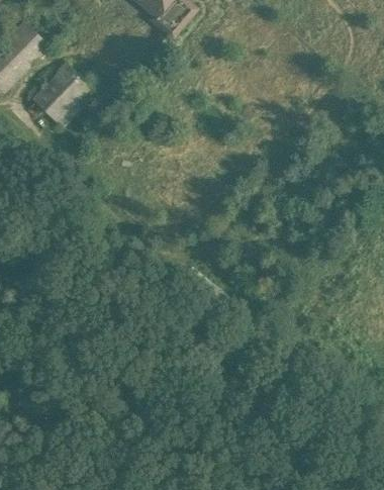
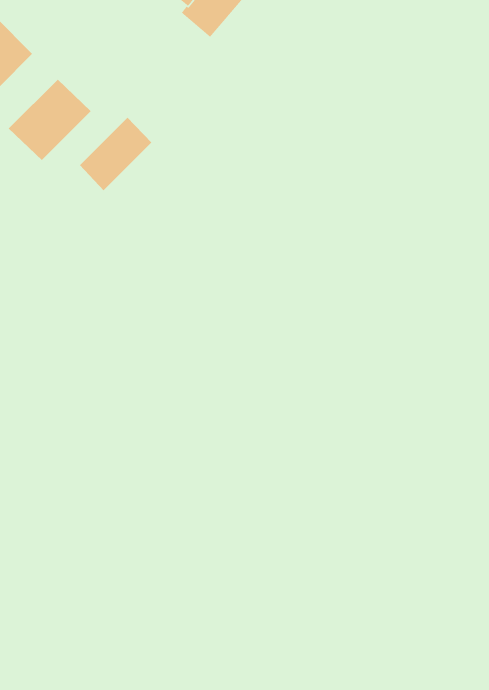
building: none -> [79,117,152,191]

